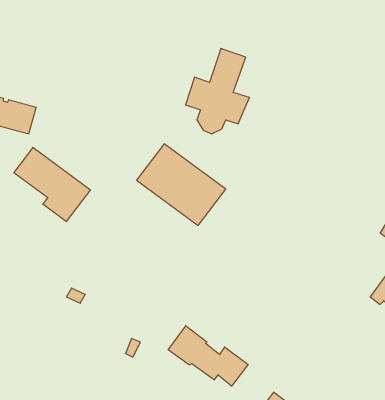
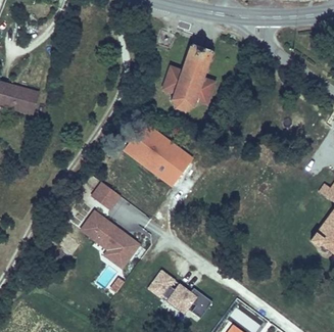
building: [14,147,90,221] -> [79,208,141,269]
building: none -> [91,181,122,209]

